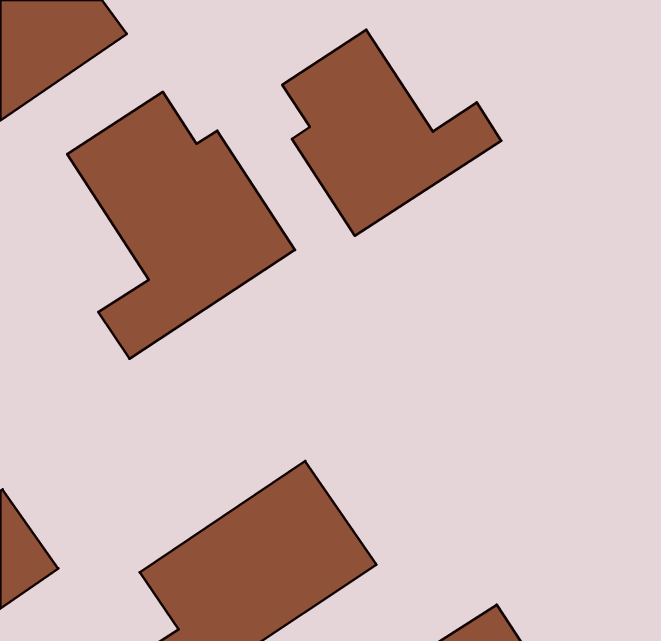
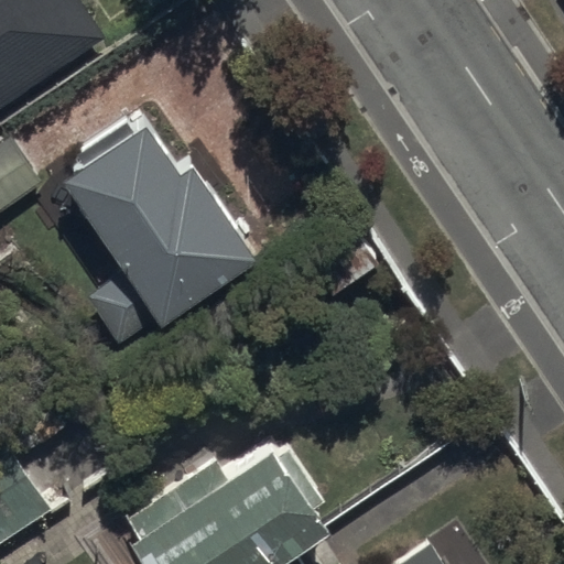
building: [282,30,501,236] -> none

